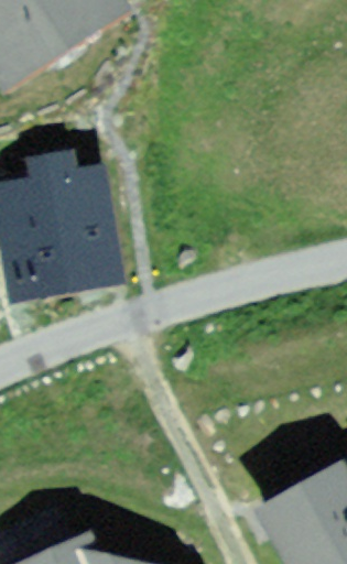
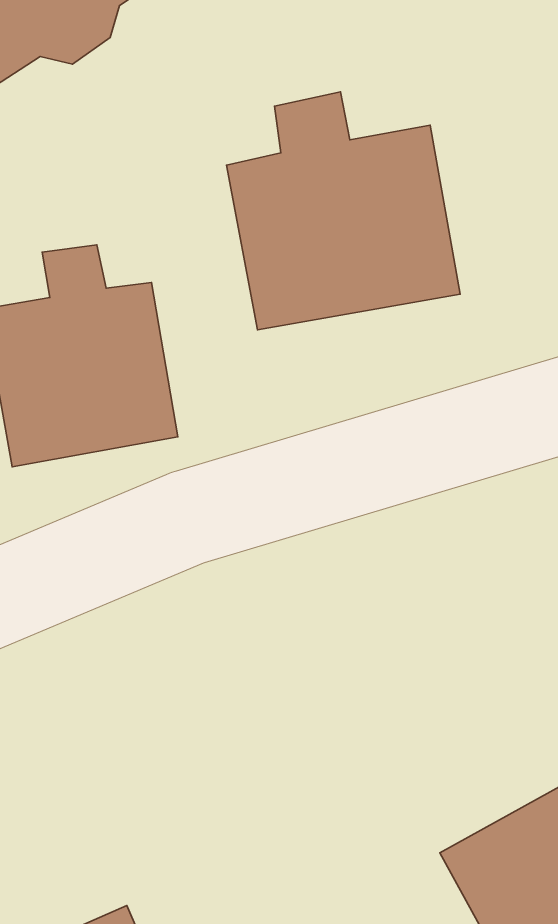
building: none -> [227,92,460,330]

